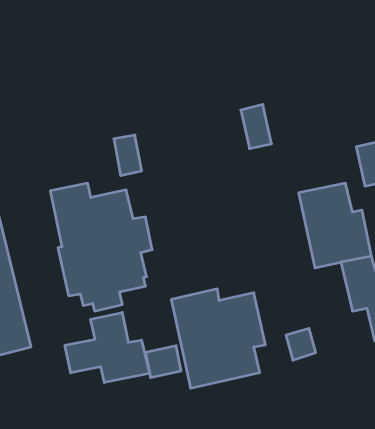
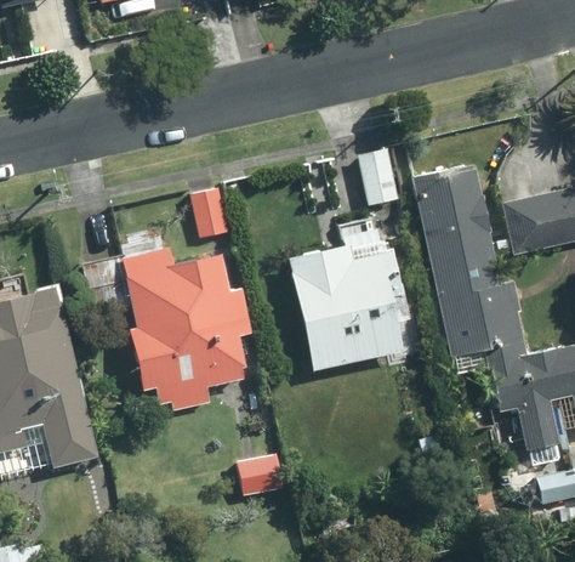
building: none -> [412,165,491,261]
building: [171,289,265,388] -> [288,246,406,371]
building: [65,312,150,383] -> none

